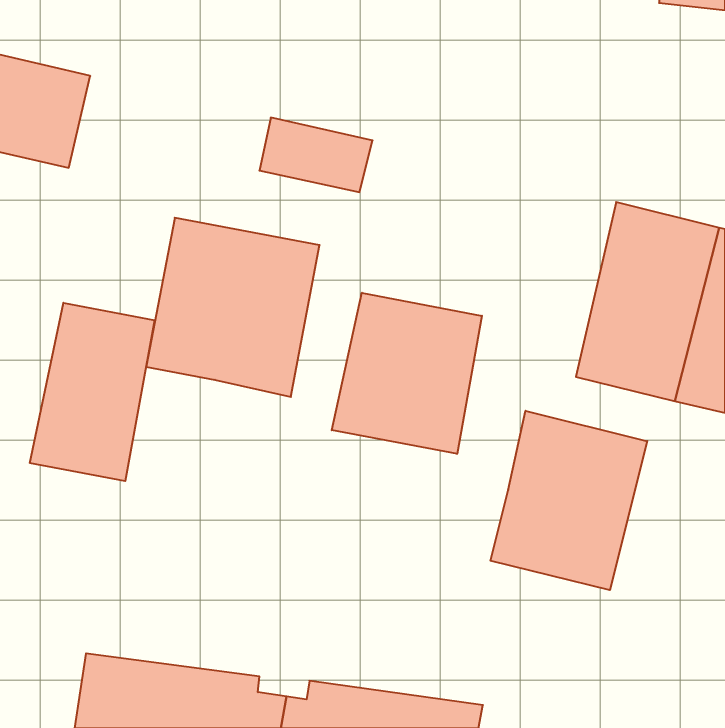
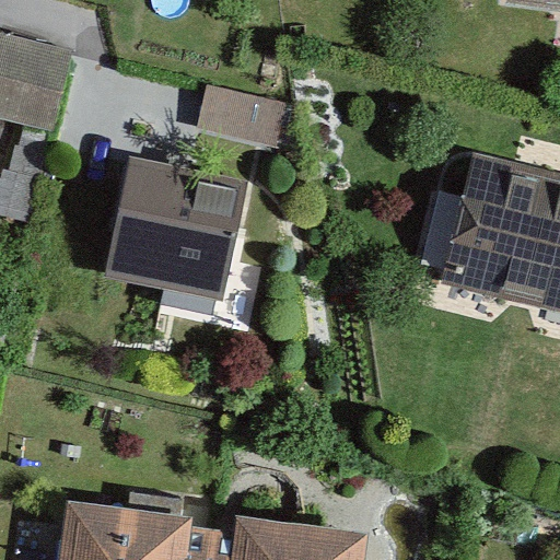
building: [332,293,482,454] -> none
building: [30,303,155,481] -> none
building: [490,411,647,590] -> none

